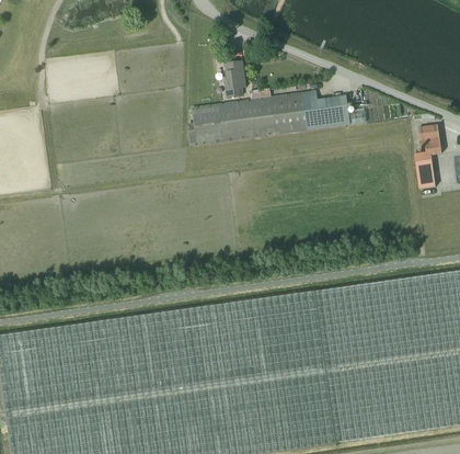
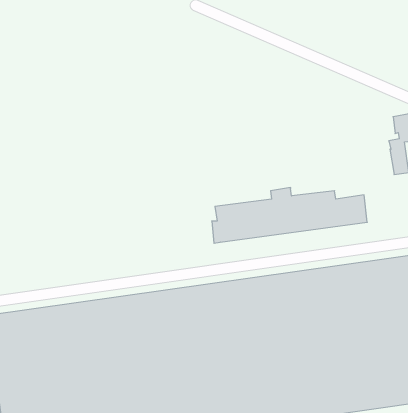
building: [225,61,246,97] -> none
building: [188,88,350,146] -> [212,188,367,243]

